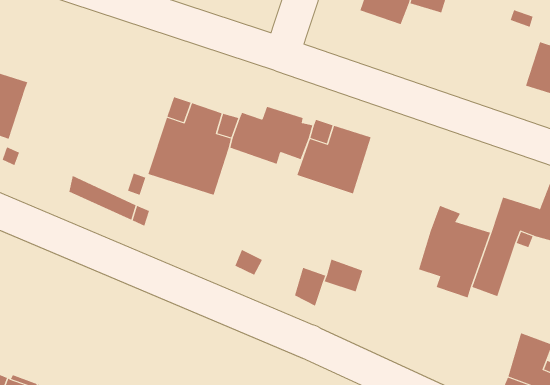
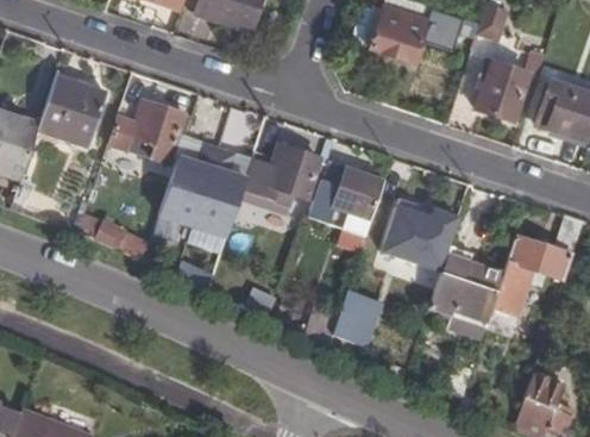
building: none -> [477,58,529,121]
building: none -> [38,76,107,145]
building: none -> [112,86,186,163]
building: none -> [381,205,460,270]

